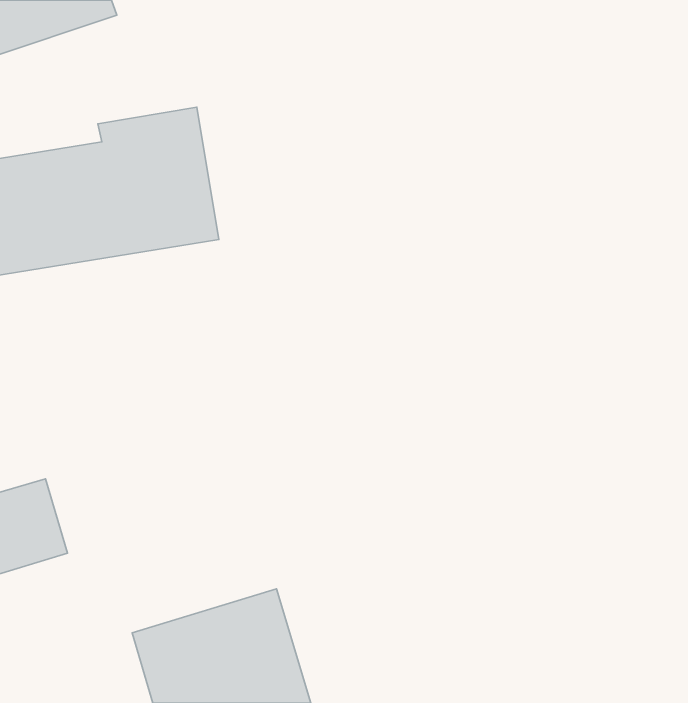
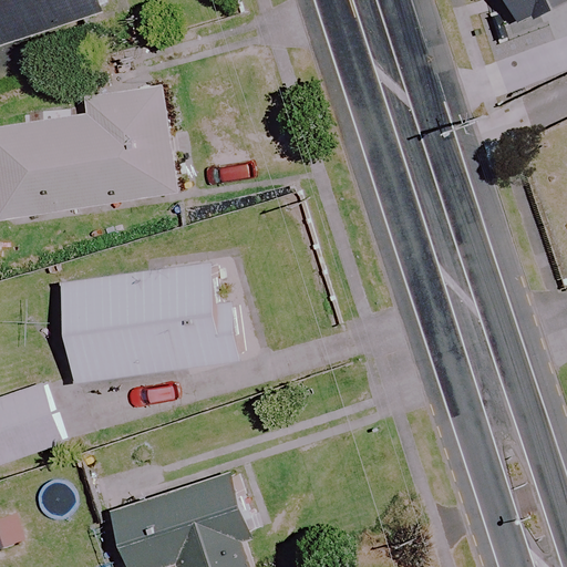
building: none -> [58,262,227,383]

